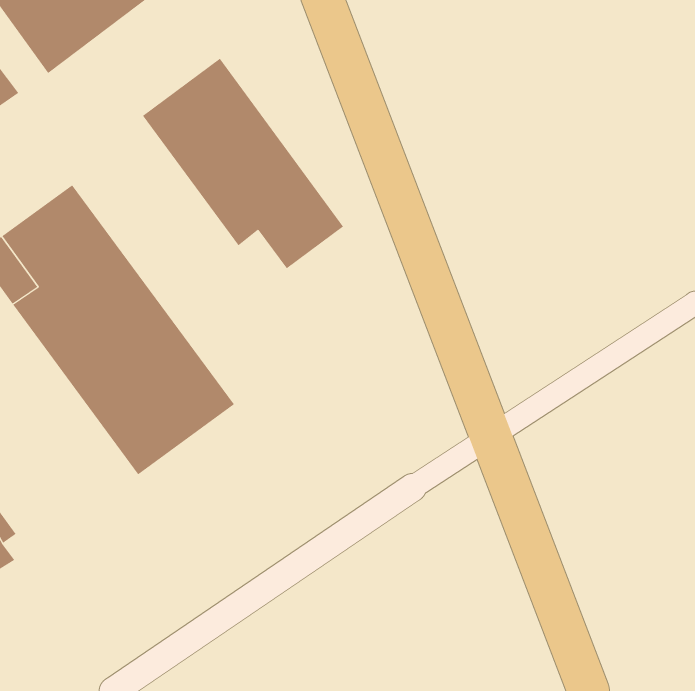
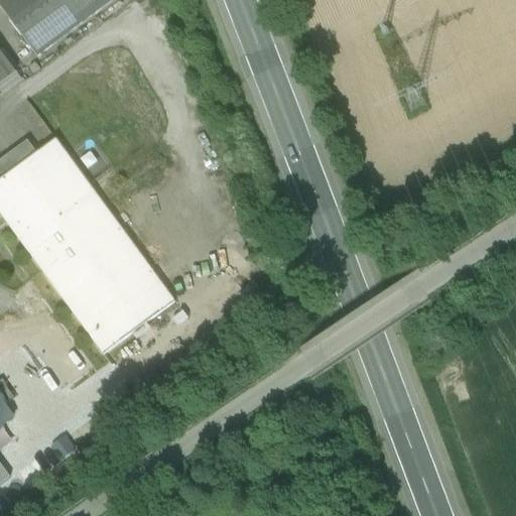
building: [142,58,344,269] -> none

